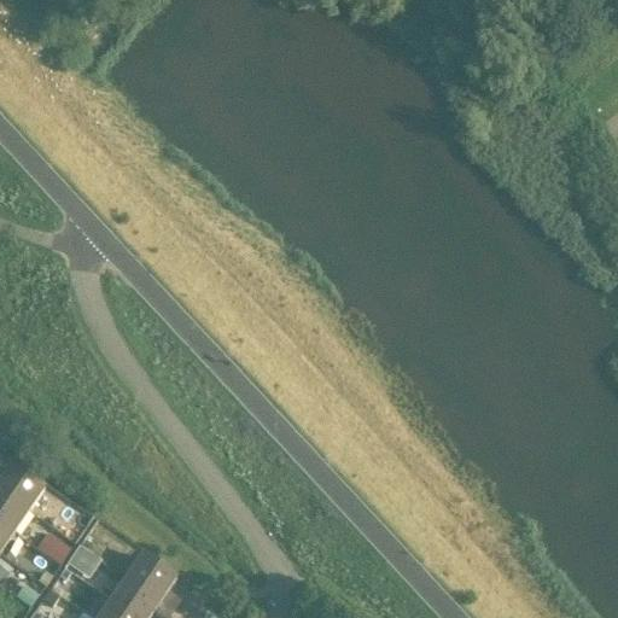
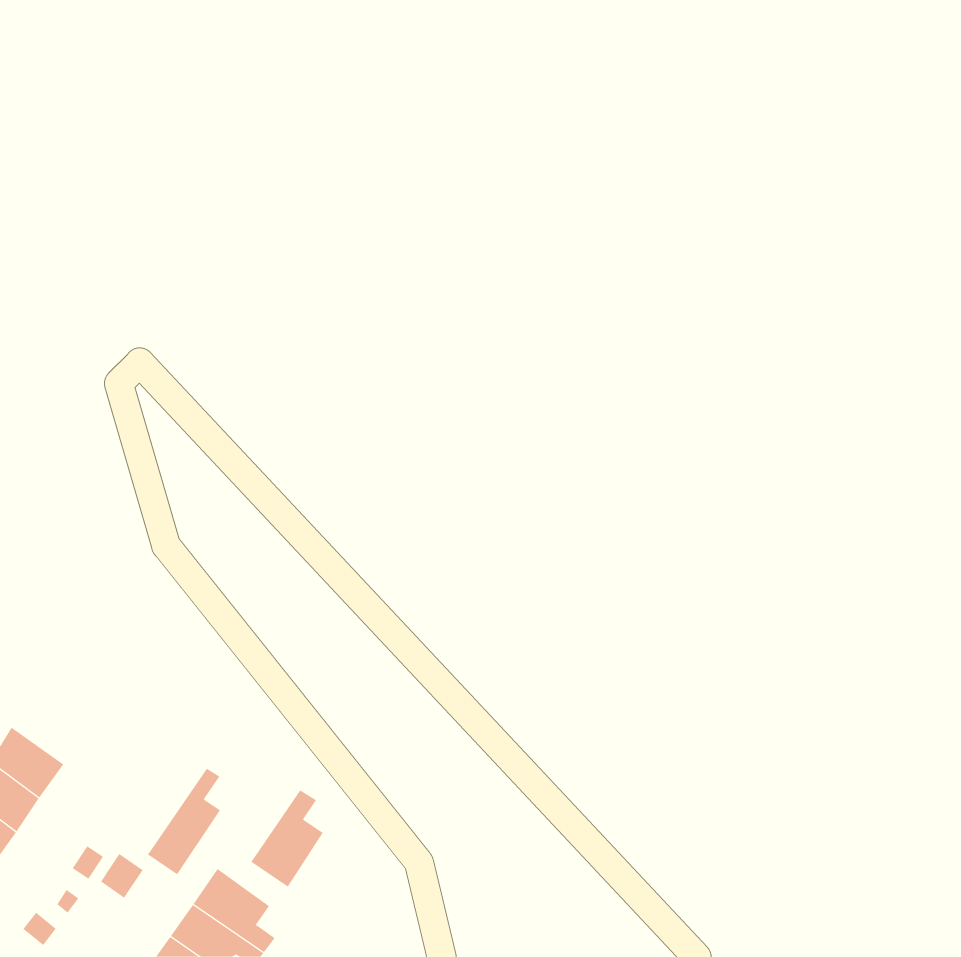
building: none -> [147,768,221,875]
building: none -> [251,790,324,887]

